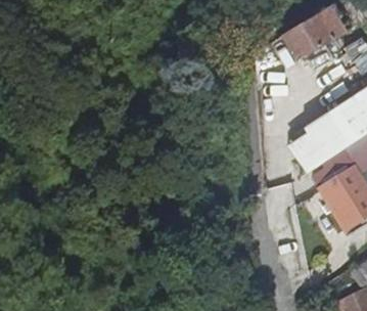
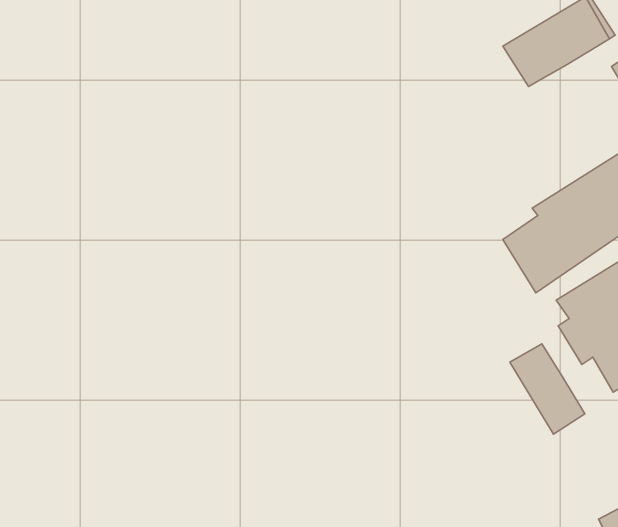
building: none -> [510,344,585,434]

